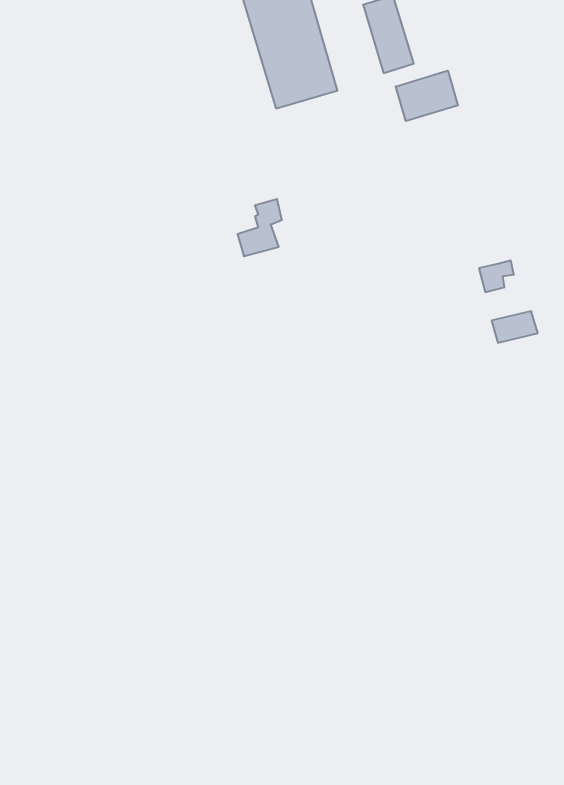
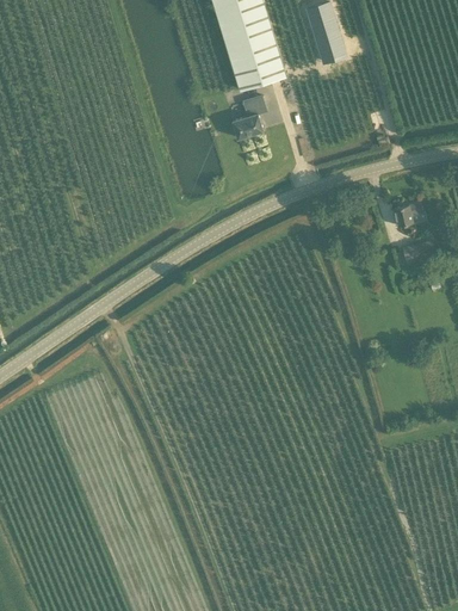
building: [396,71,458,121] -> none
building: [237,199,282,256] -> [231,93,265,136]

